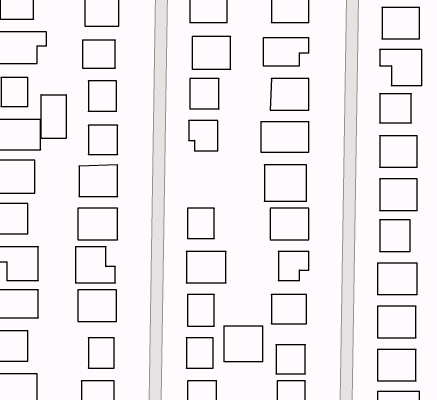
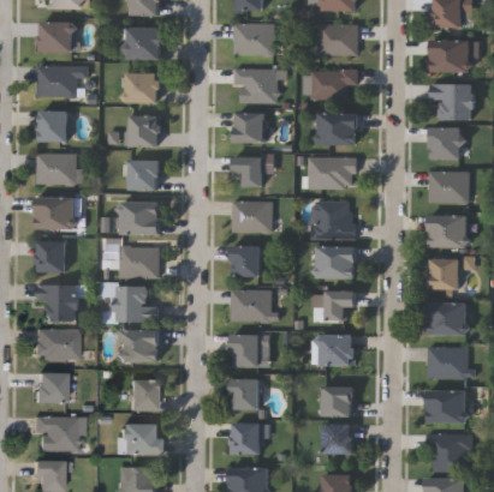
building: [41,95,66,138] -> none
building: none -> [232,202,272,233]
building: [224,326,263,362] -> none

